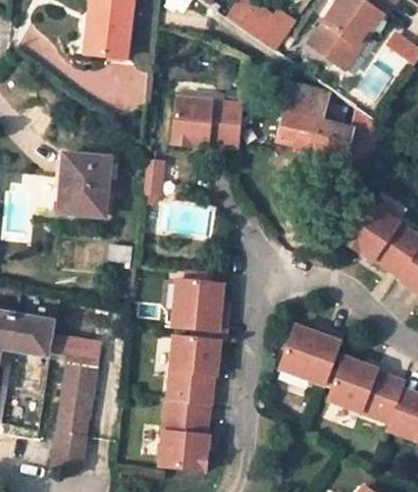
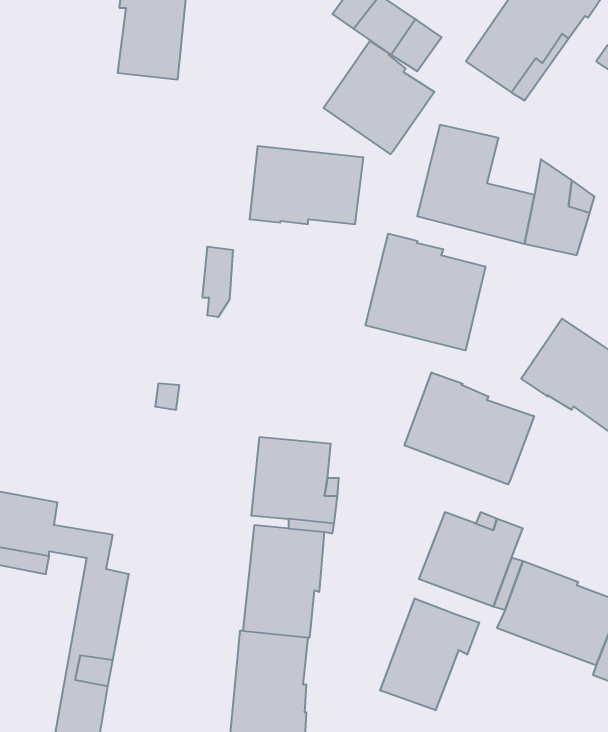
building: none -> [324,41,434,154]
building: none -> [366,234,486,350]
building: [59,153,111,216] -> none
building: none -> [405,372,534,484]
building: none -> [380,598,479,710]

